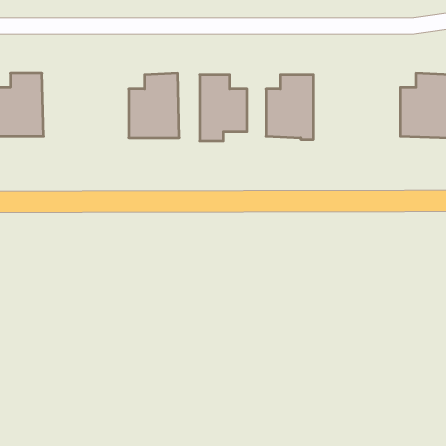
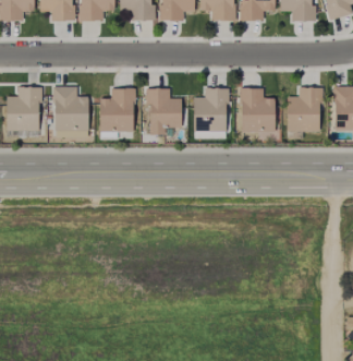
building: none -> [53,86,88,134]
building: none -> [240,87,276,132]

